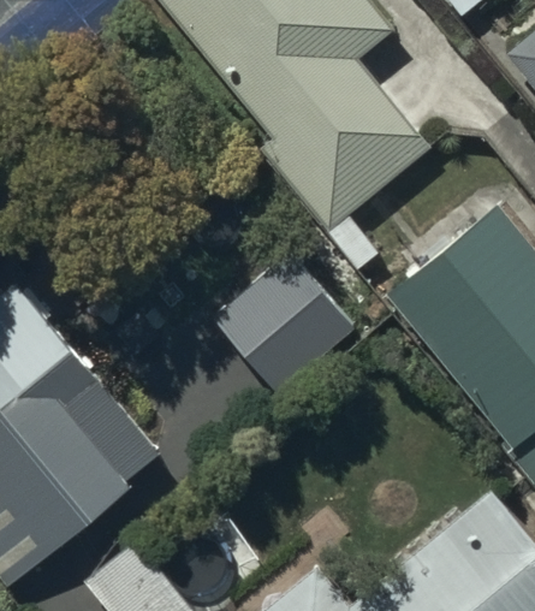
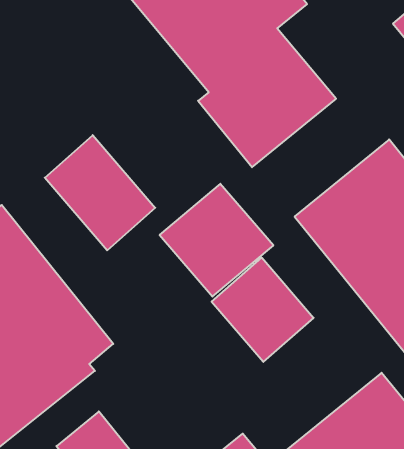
building: none -> [45,135,155,250]
building: none -> [212,258,314,362]

